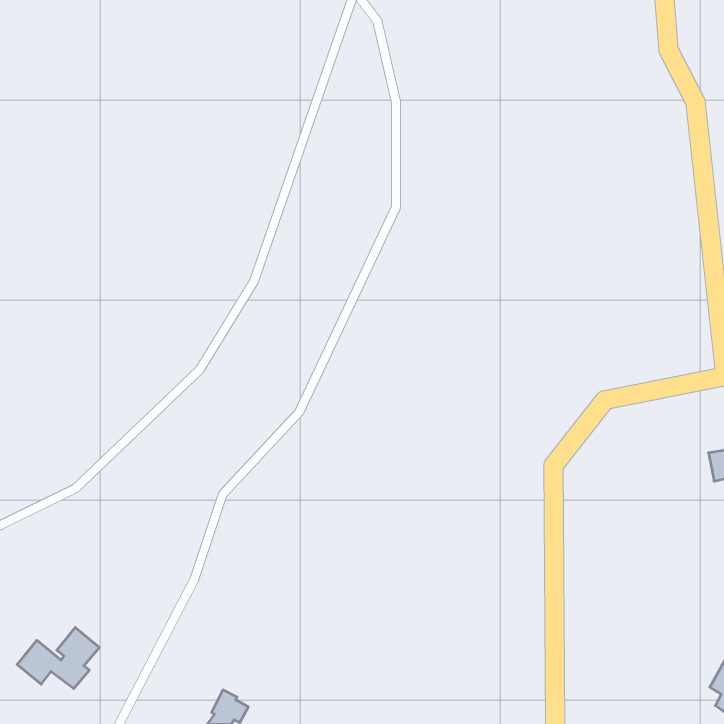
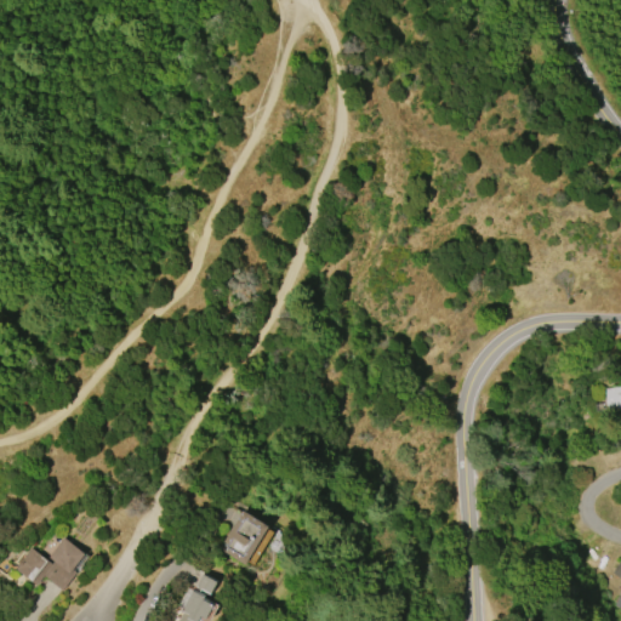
building: none -> [220,509,273,564]

